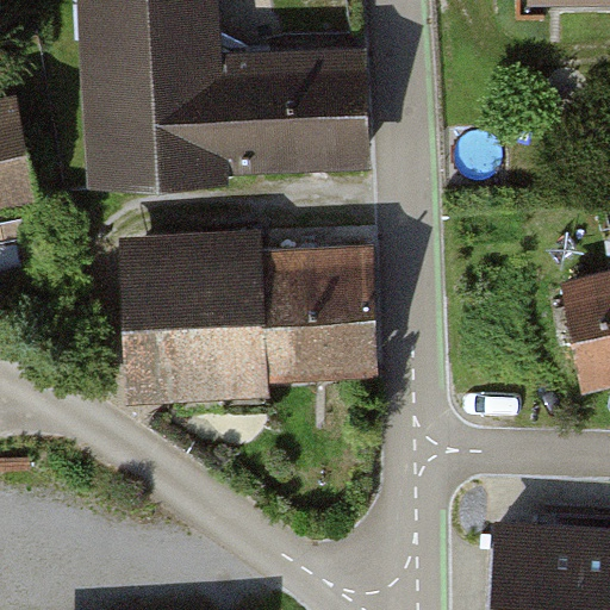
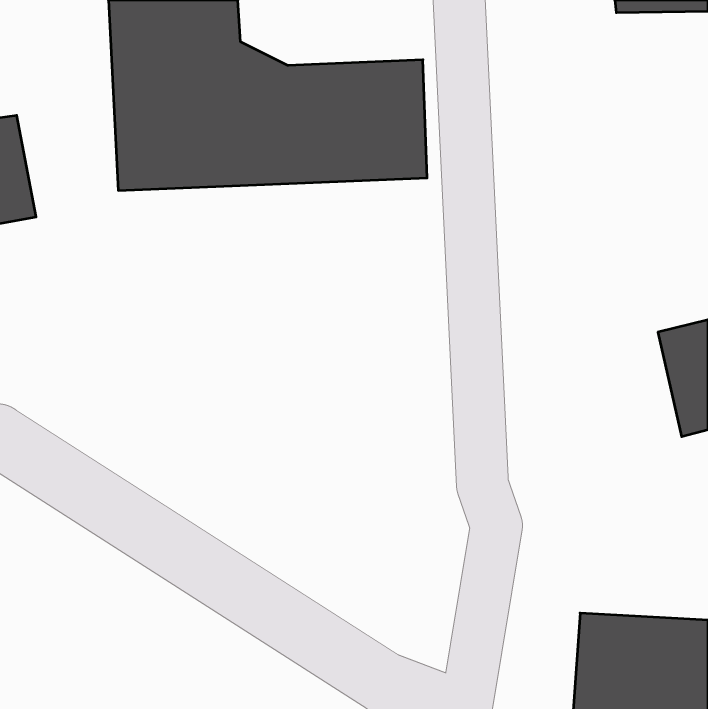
building: [129,249,374,372] -> none

